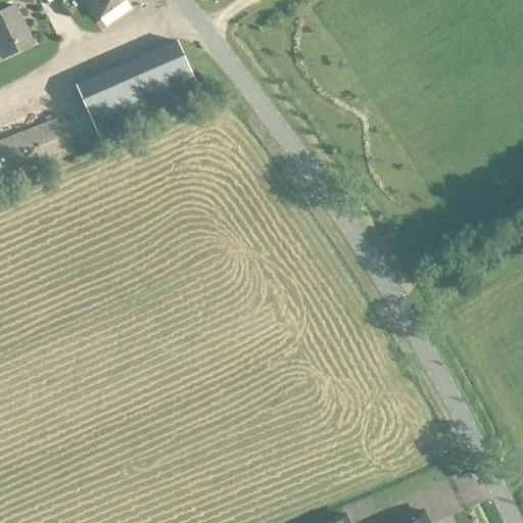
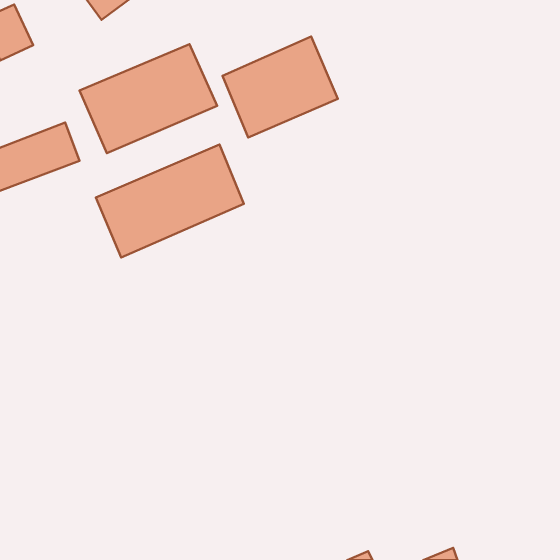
building: none -> [222,36,338,137]
building: none -> [96,144,244,257]

